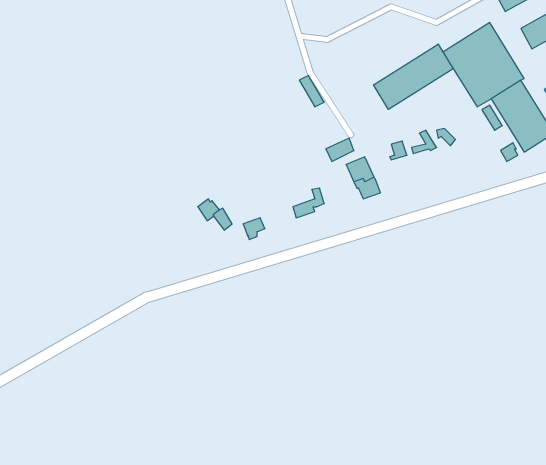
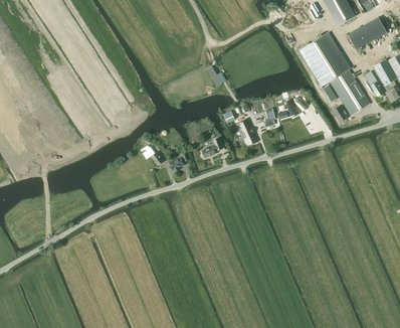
building: [374,44,453,109] -> none

